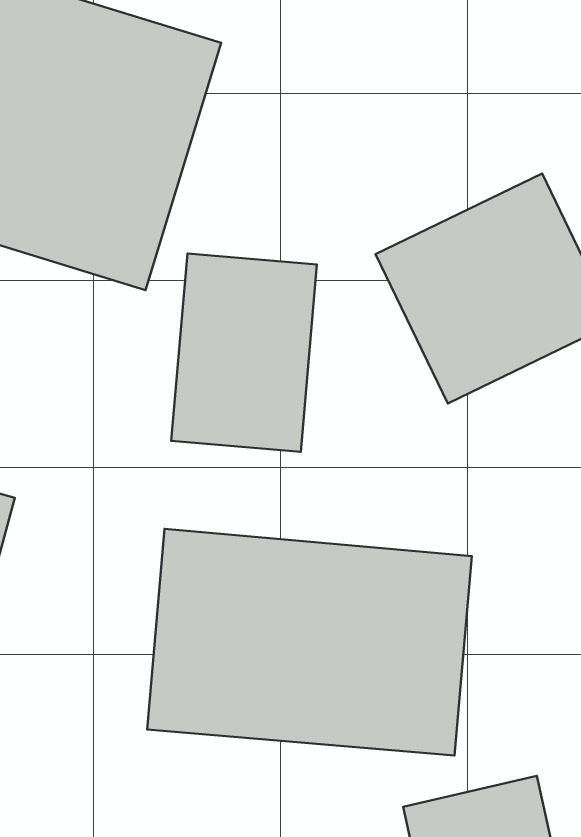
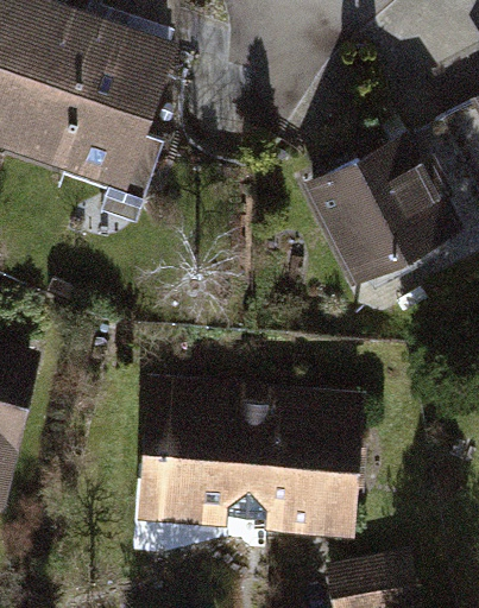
building: [171,254,317,452] -> none

